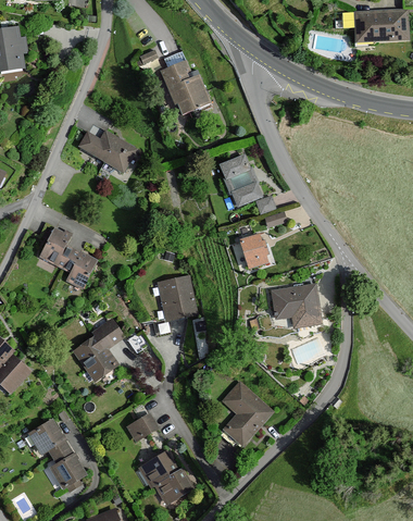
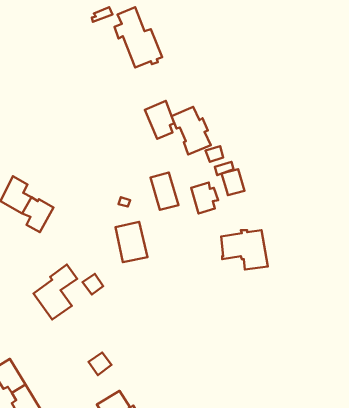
building: [87,132,135,171] -> none
building: none -> [145,101,174,139]
building: none -> [222,169,244,195]
building: none -> [150,173,178,210]
building: [221,385,270,445] -> none

